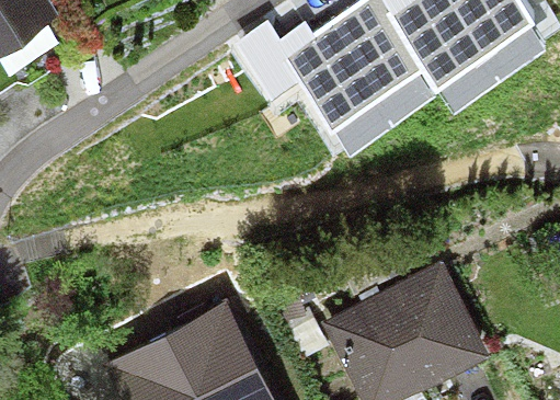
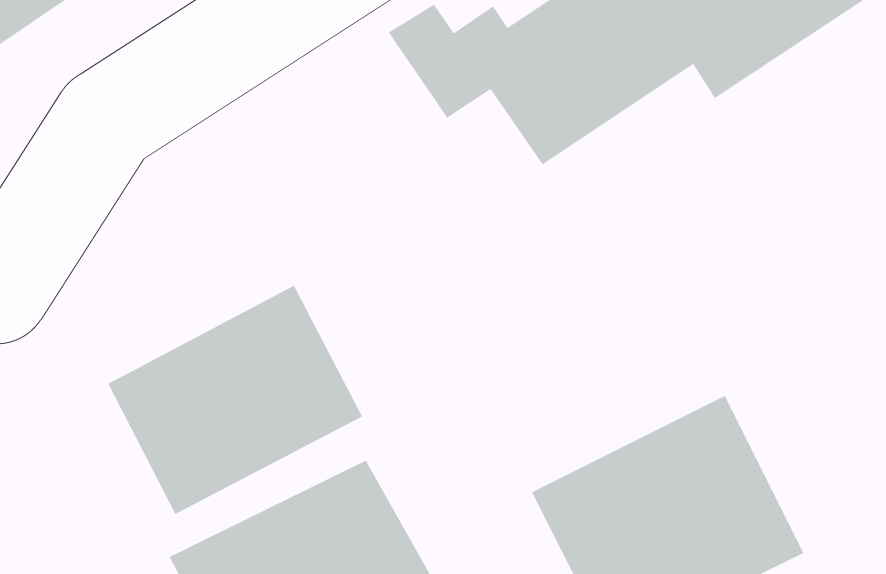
building: none -> [108,285,363,515]

